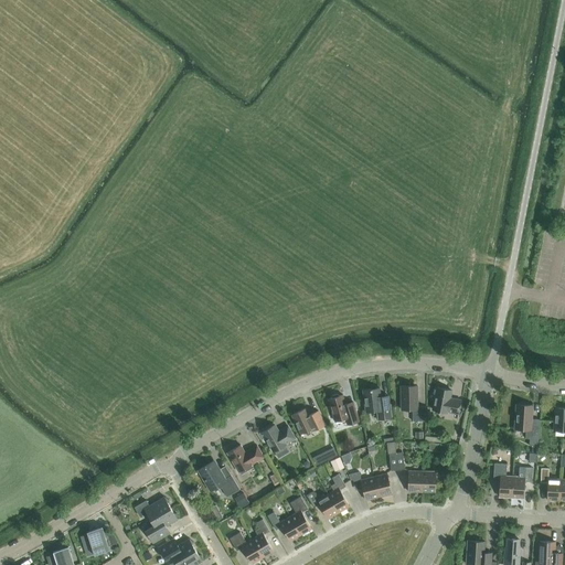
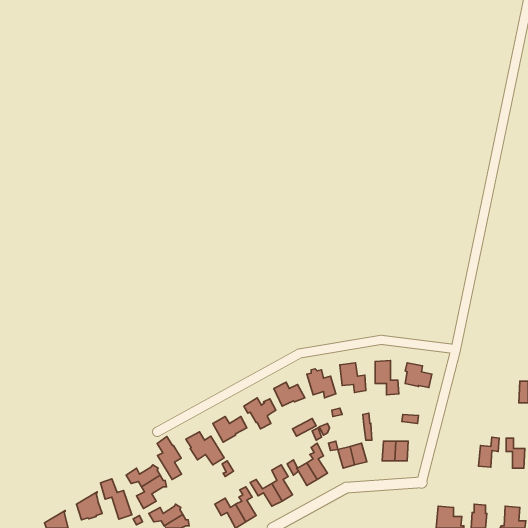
building: [514,403,540,439] -> none
building: [493,463,513,498] -> none
building: none -> [157,436,181,480]
building: none -> [100,479,132,519]

